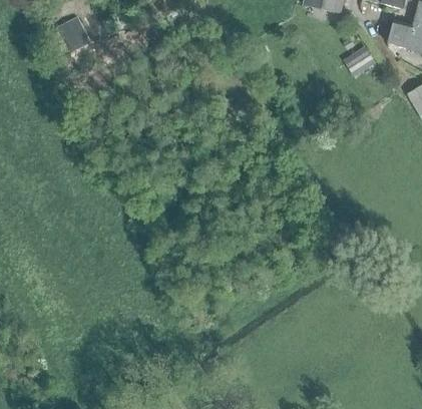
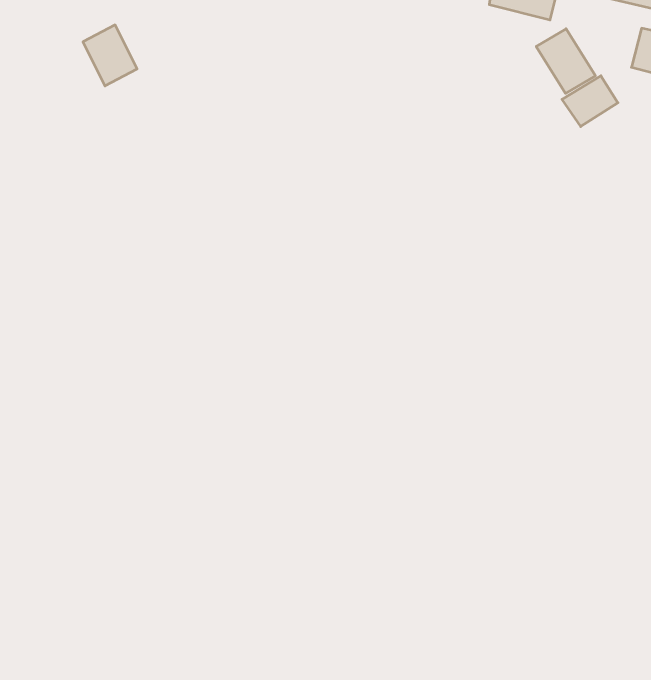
building: none -> [536,29,595,93]

